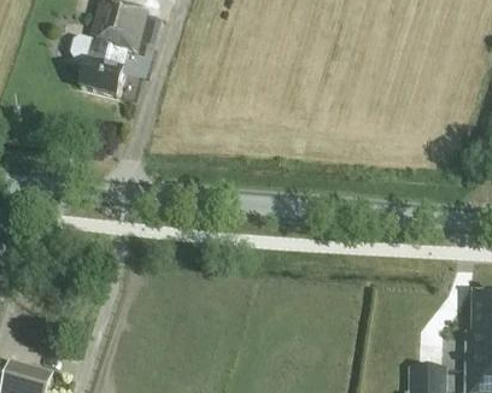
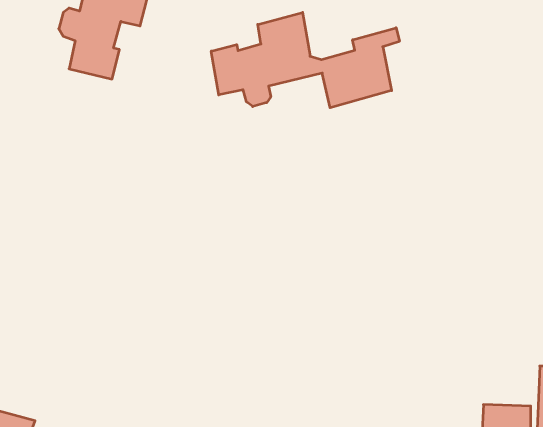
building: none -> [211,12,399,108]

